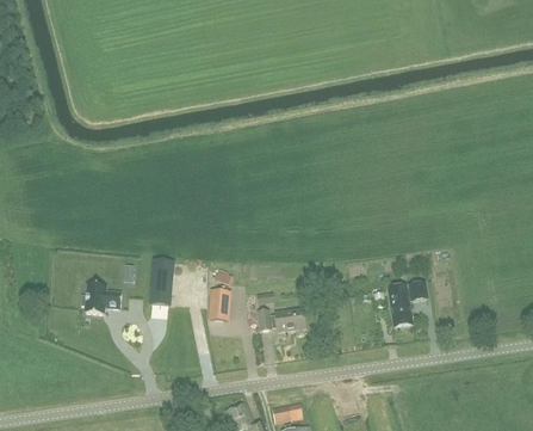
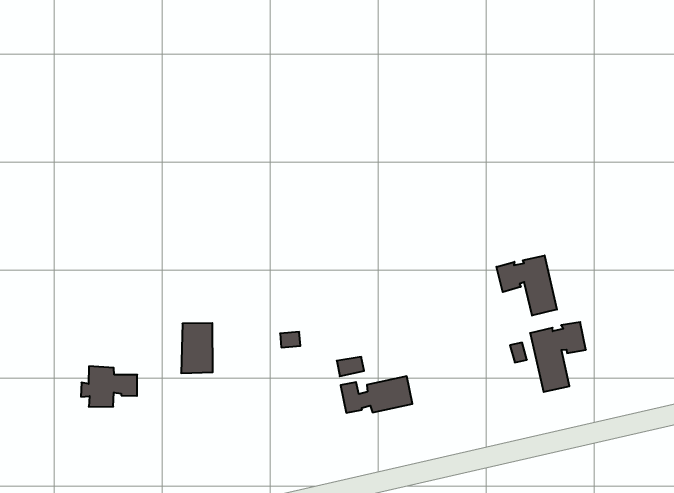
building: none -> [496,255,557,316]
building: [209,288,230,319] -> none

